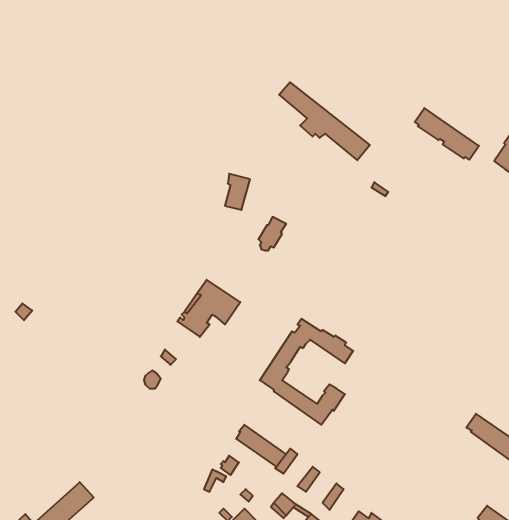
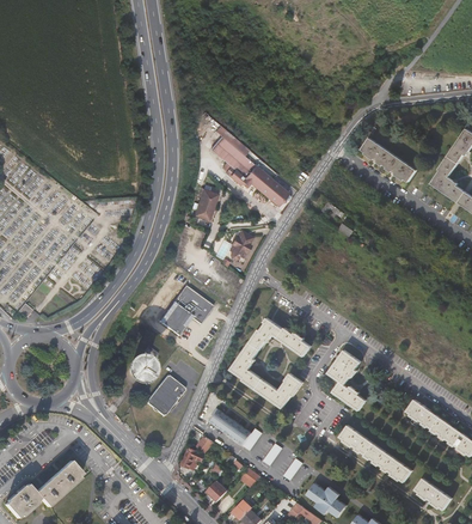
building: [279,82,370,160] -> [209,138,287,205]
building: none -> [326,349,364,410]
building: none -> [146,374,185,416]
building: none -> [339,426,412,482]

